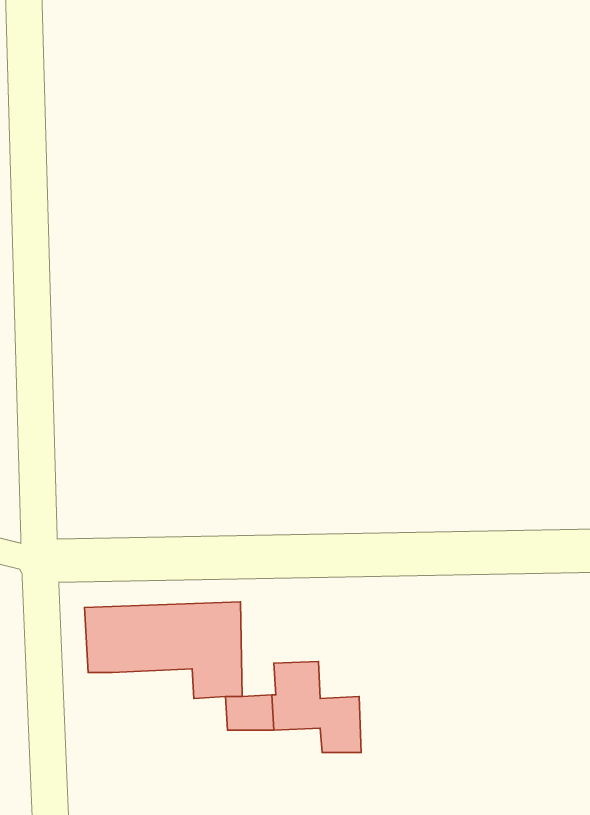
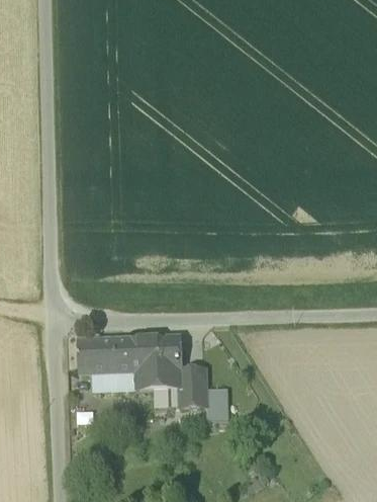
building: none -> [163,335,182,387]
building: none -> [93,371,137,389]

